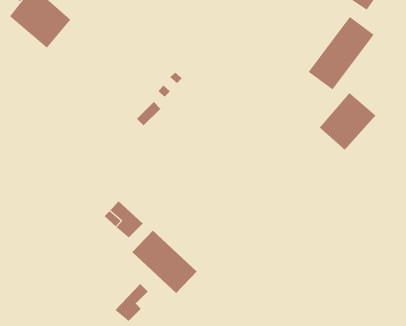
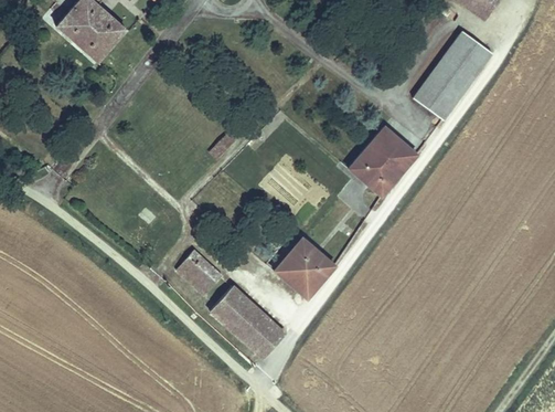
building: [319,92,376,151] -> [351,124,419,193]
building: none -> [277,237,337,297]
building: [115,283,149,322] -> none

